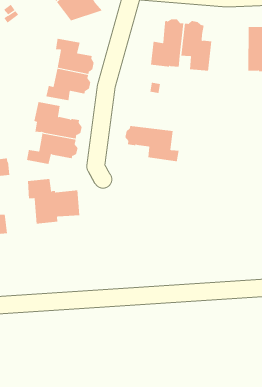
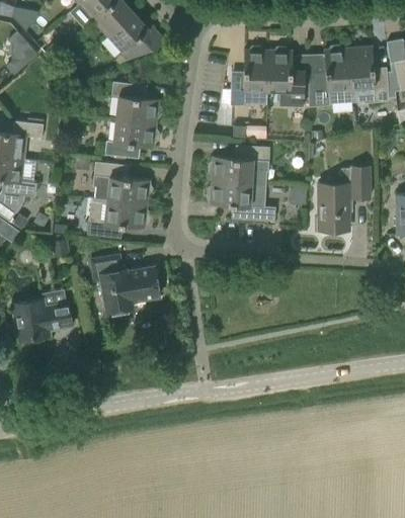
building: none -> [310,46,351,107]
building: none -> [209,146,270,184]
building: none -> [318,164,370,233]

